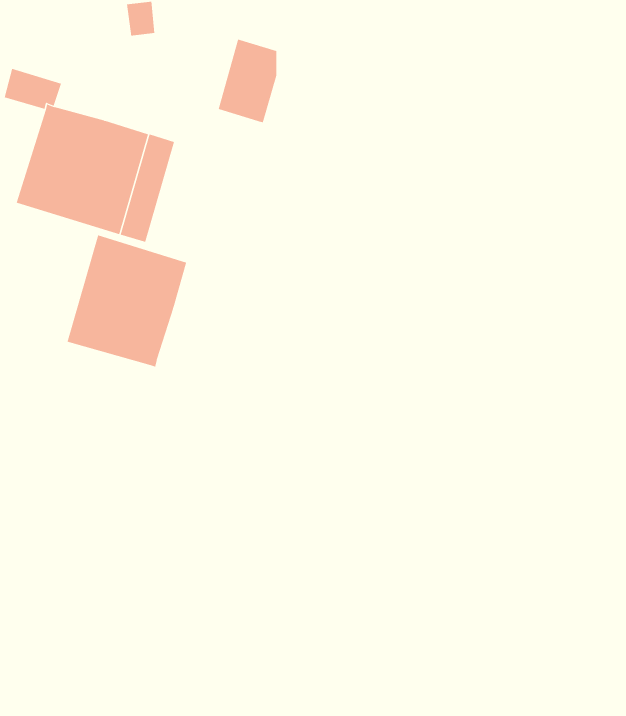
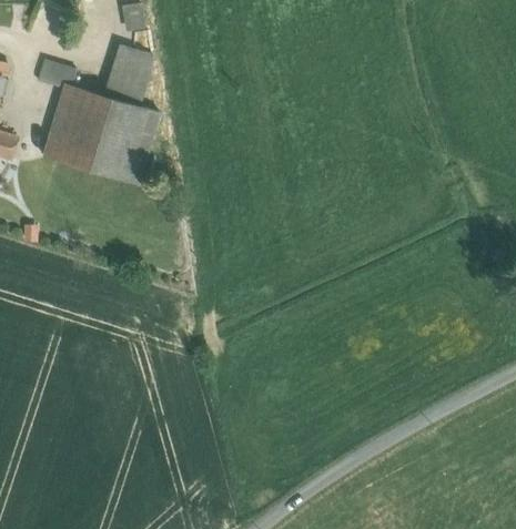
building: [218,39,277,123] -> [107,43,150,104]
building: [67,235,187,368] -> none

